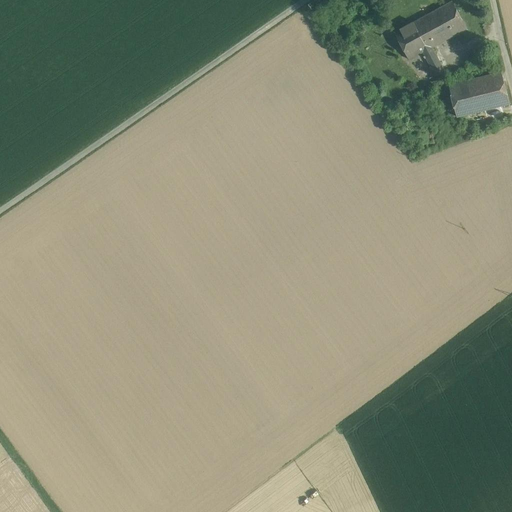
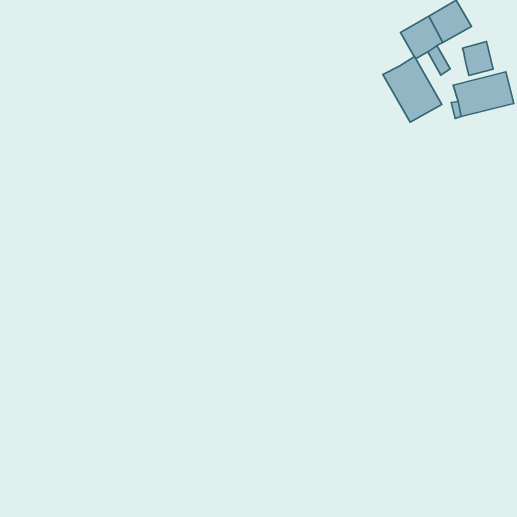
building: none -> [462,41,493,75]
building: none -> [383,57,442,122]

